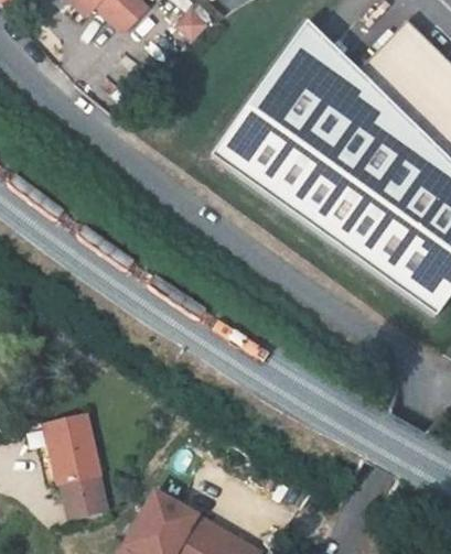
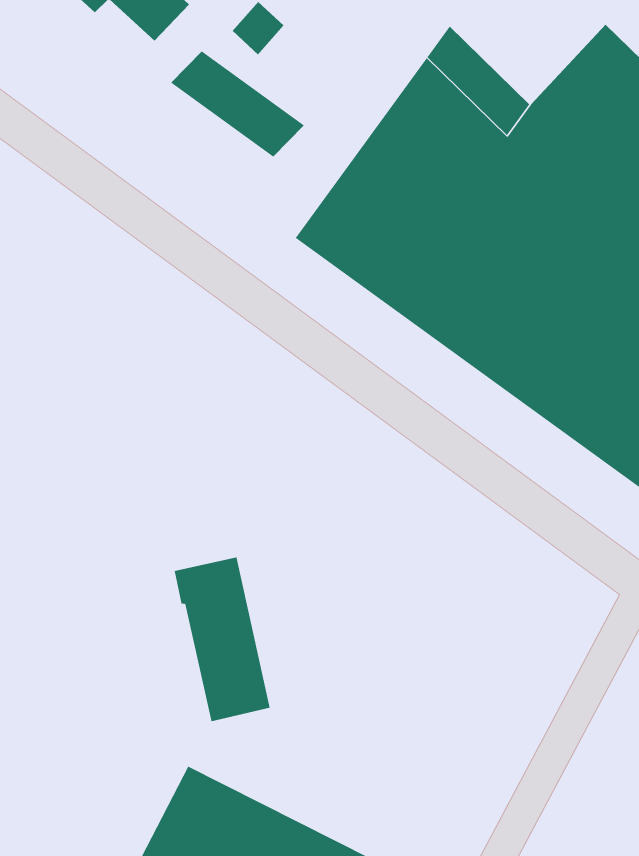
building: none -> [170,50,305,158]
building: [46,414,107,518] -> [174,557,270,722]

